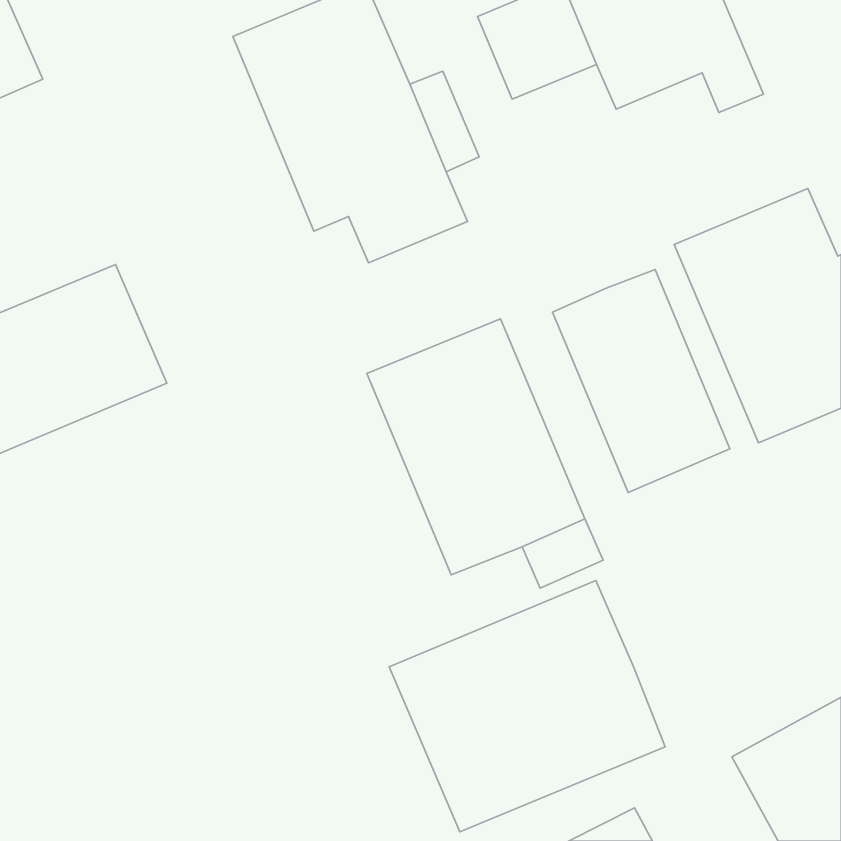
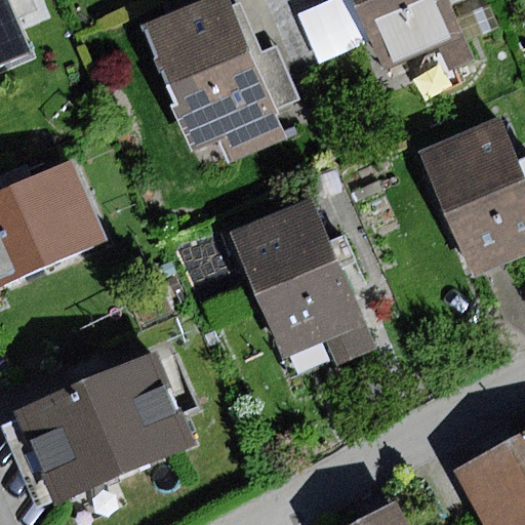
building: [553,269,730,493] -> none
building: none -> [13,352,195,504]
building: [389,580,665,832] -> none

